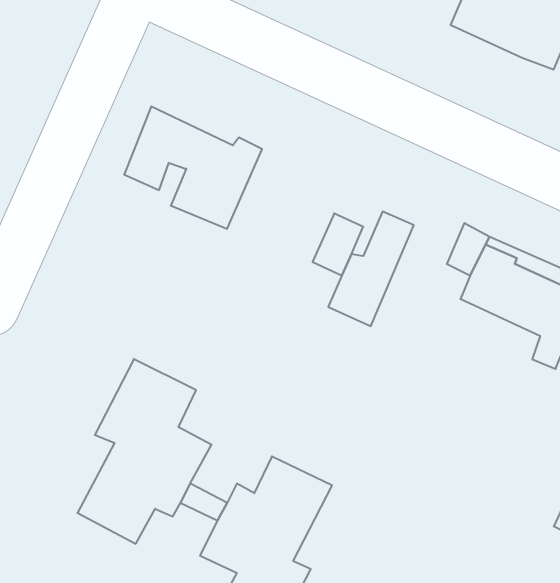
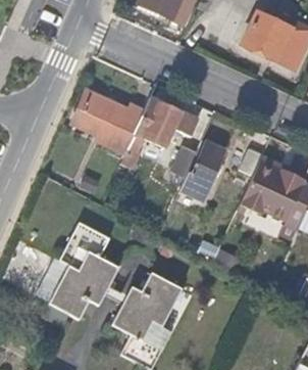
building: none -> [120,99,199,170]

